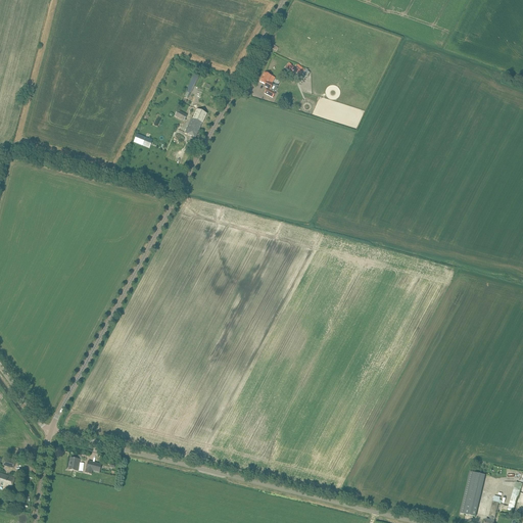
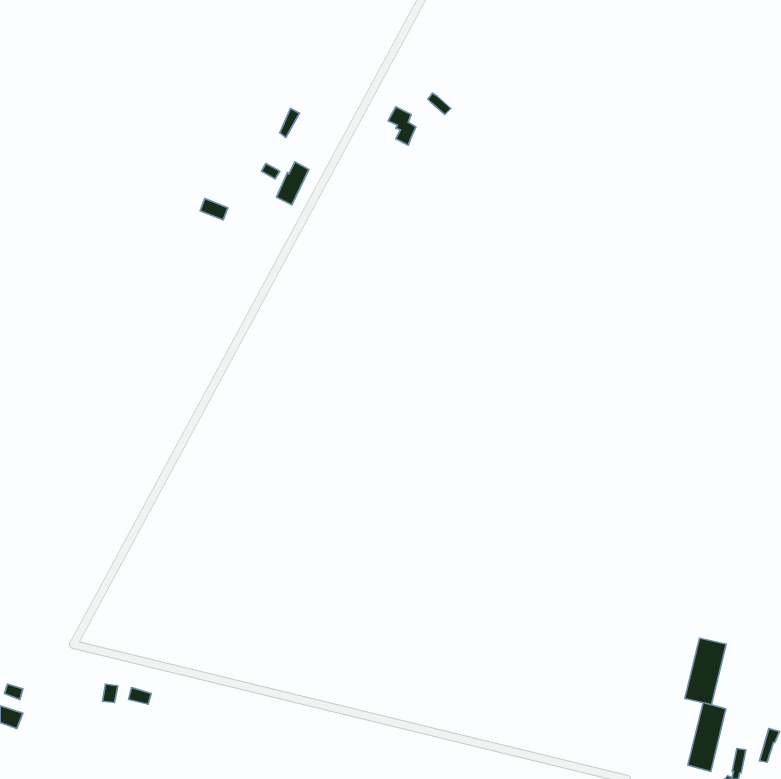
building: none -> [685,638,726,705]

